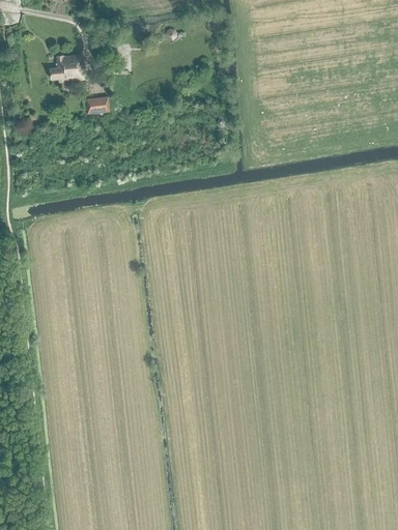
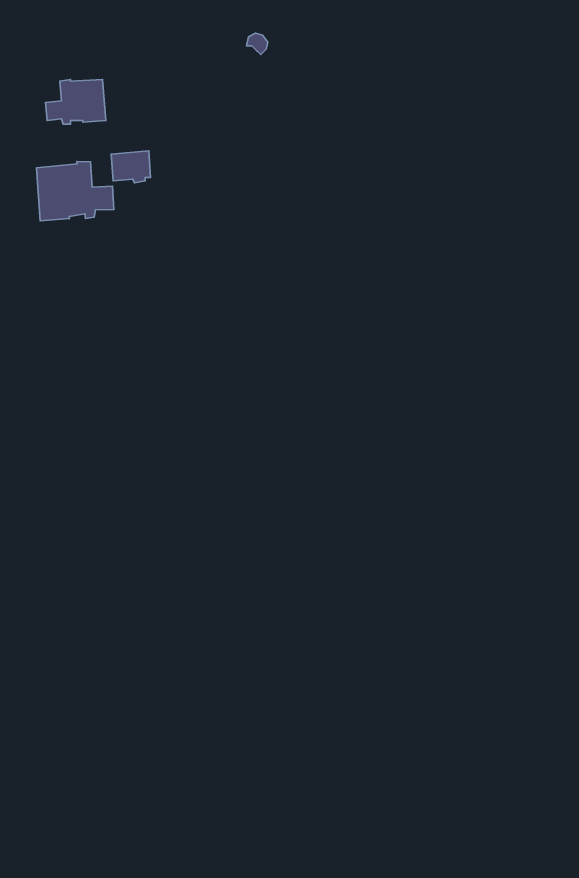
building: none -> [37,162,114,221]

